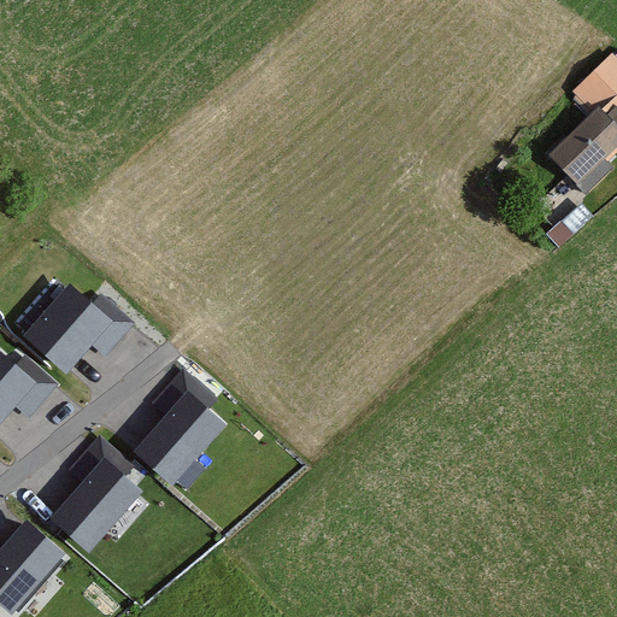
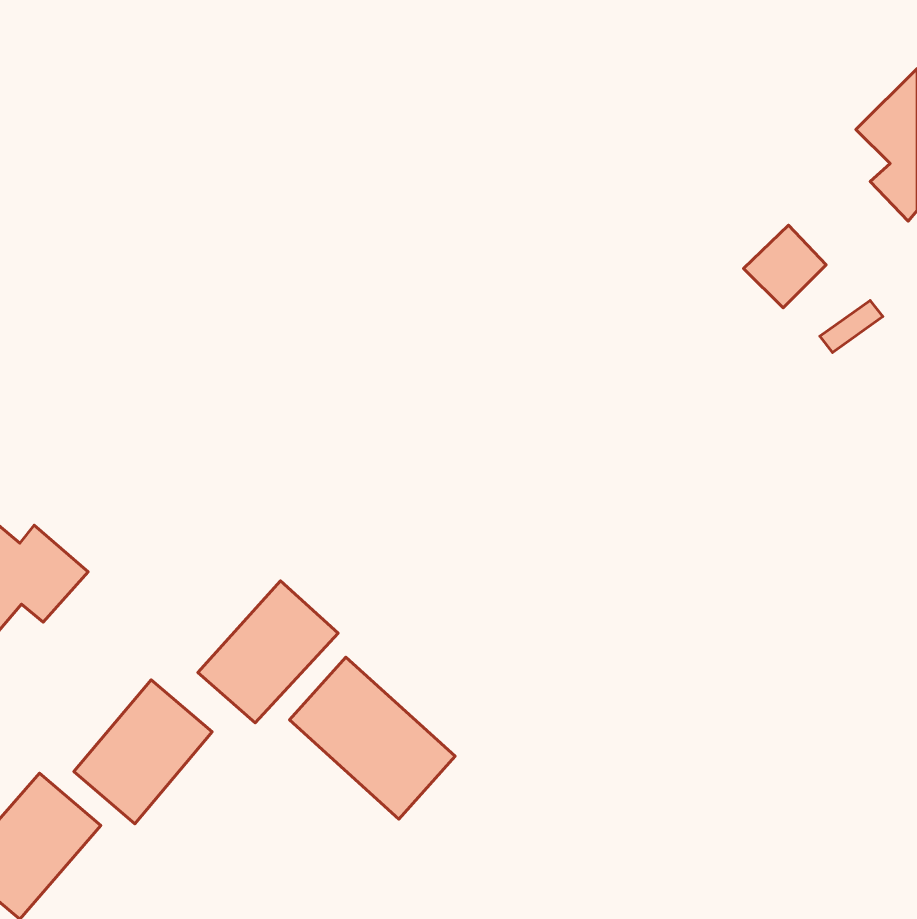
building: [553,122,609,177] -> [743,225,826,308]
building: [24,284,136,371] -> none
building: none -> [289,657,455,819]

